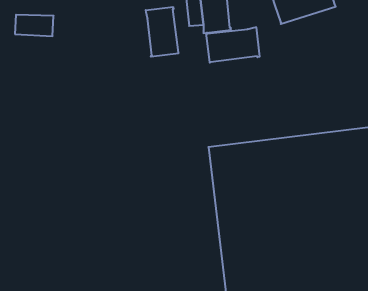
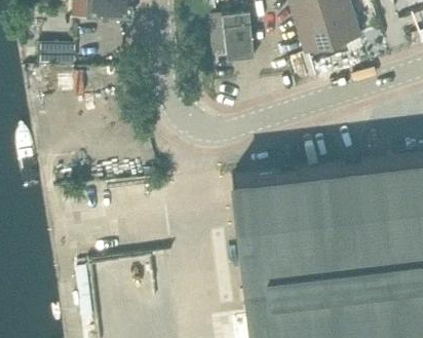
building: [146,7,178,57] -> none
building: [206,27,260,63] -> none

